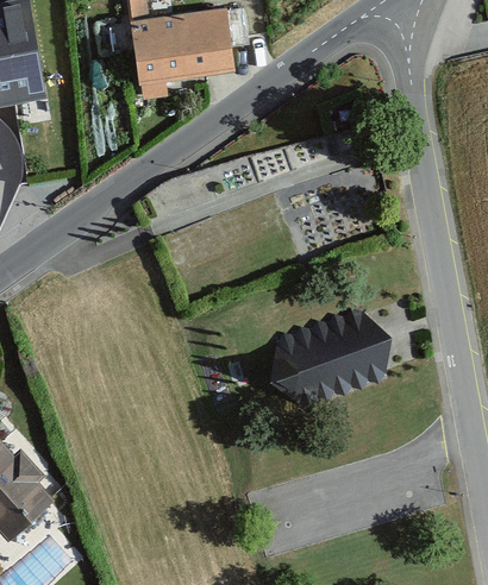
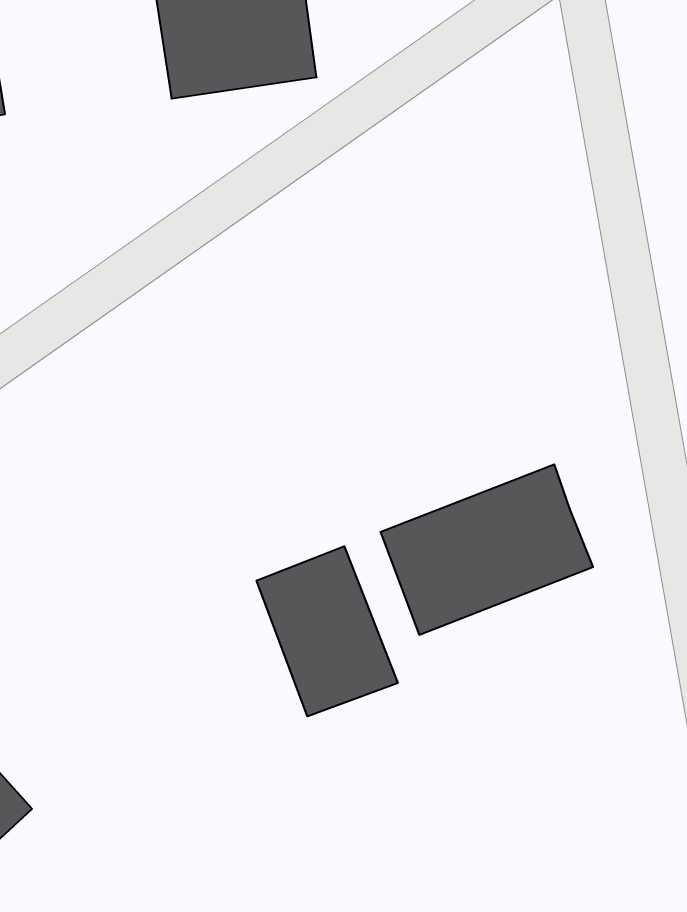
building: none -> [257,546,398,716]

